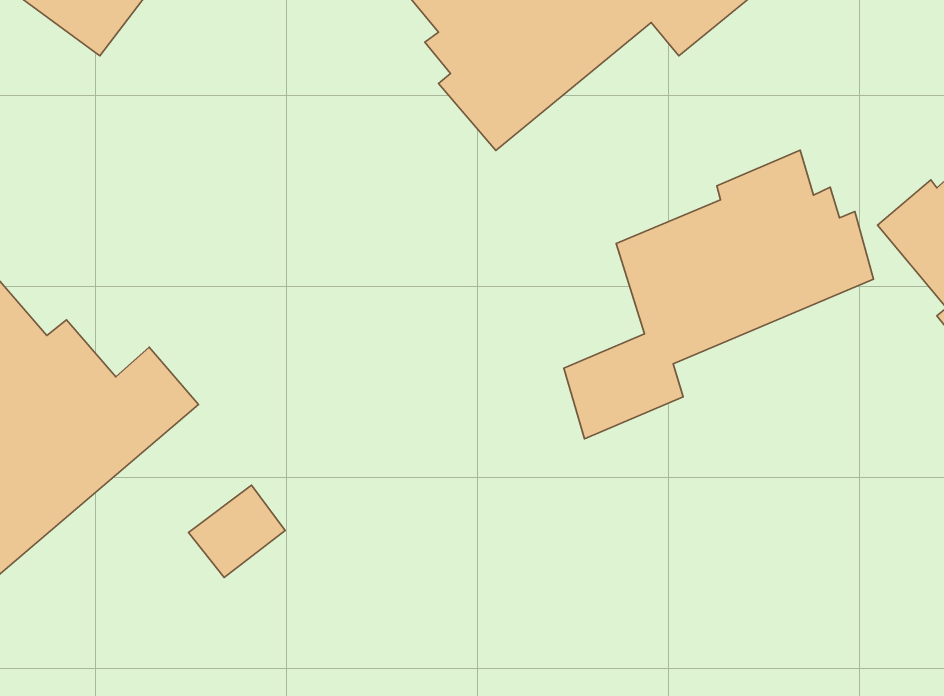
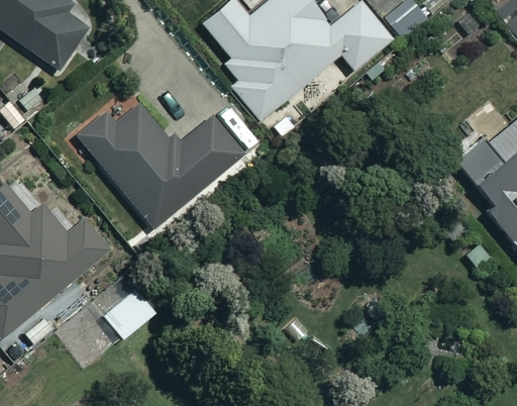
building: none -> [78,102,246,228]
building: [564,150,874,439] -> none

